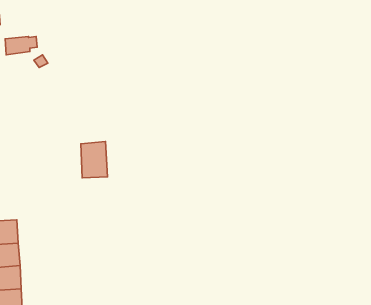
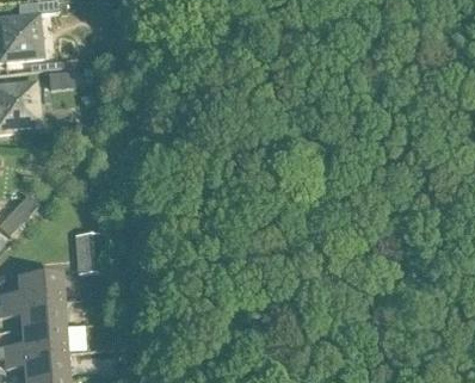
building: [81,142,108,178] -> [74,231,104,272]

